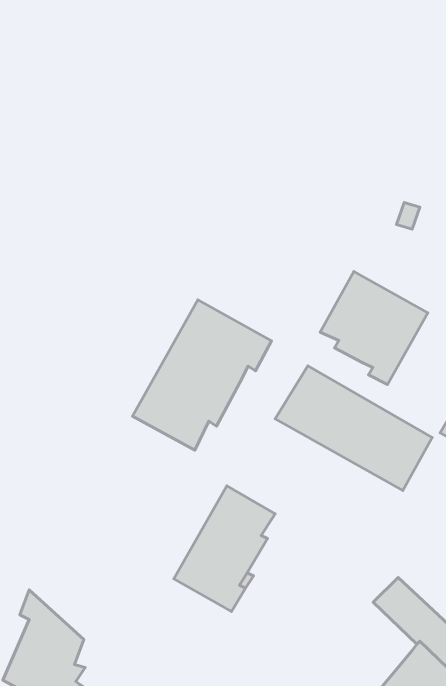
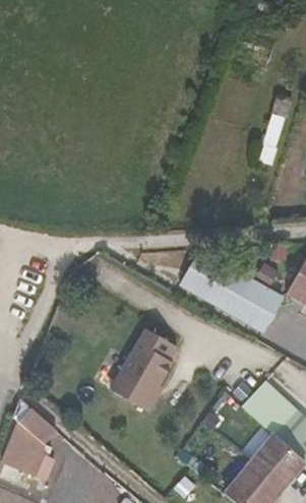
building: [320,271,428,385] -> none
building: [132,300,271,450] -> none

